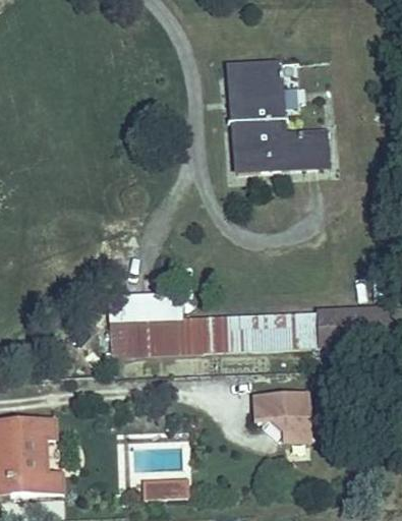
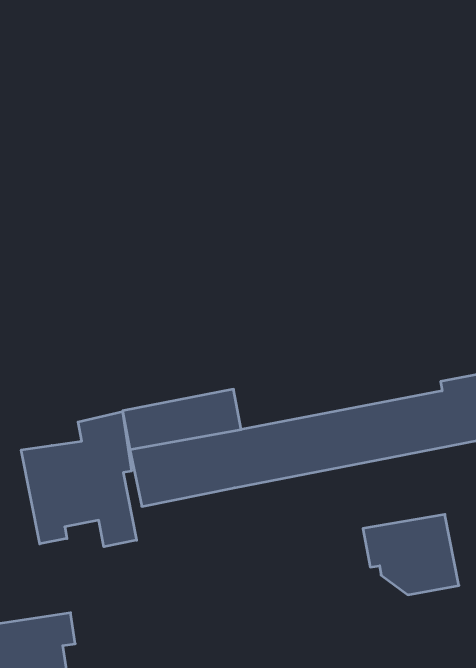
building: [226,60,333,172] -> none
building: none -> [21,412,137,547]

